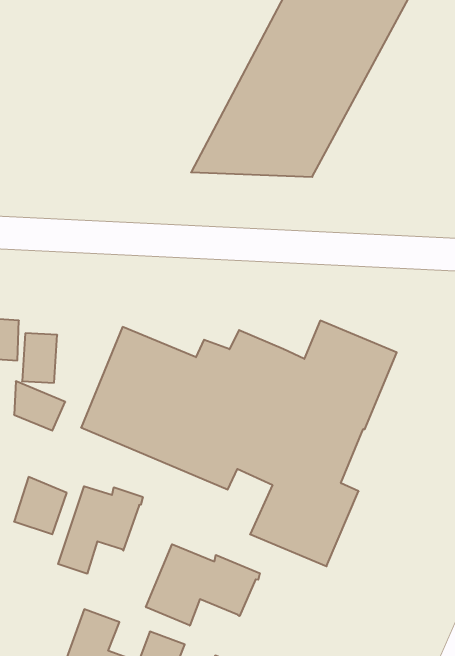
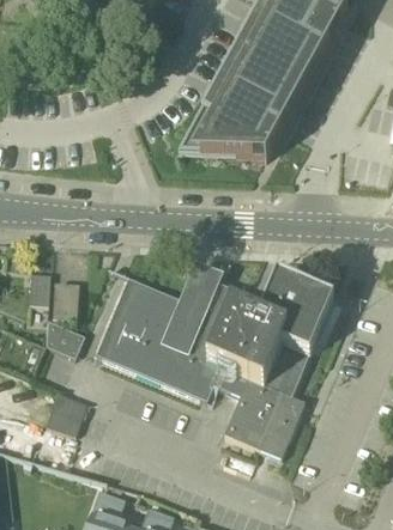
building: [58,486,143,574] -> none
building: [146,544,260,626] -> none

